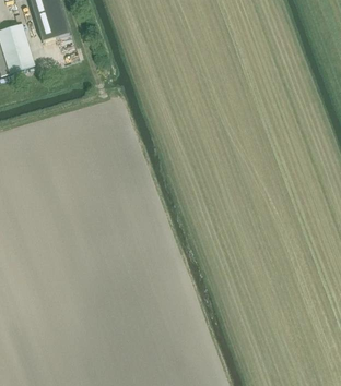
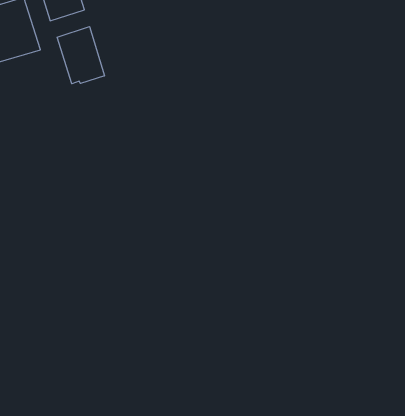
building: none -> [57,27,104,84]

